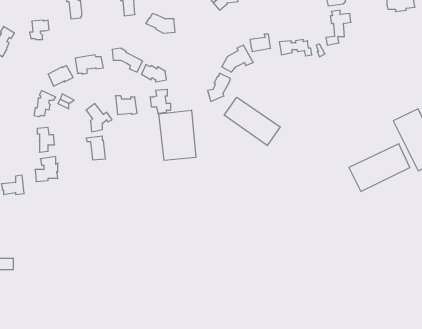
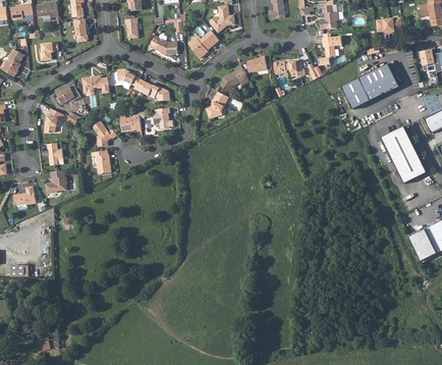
building: none -> [189,30,219,58]
building: [224,97,280,146] -> none
building: [159,110,196,160] -> none
building: [349,144,410,191] -> [342,63,399,108]

